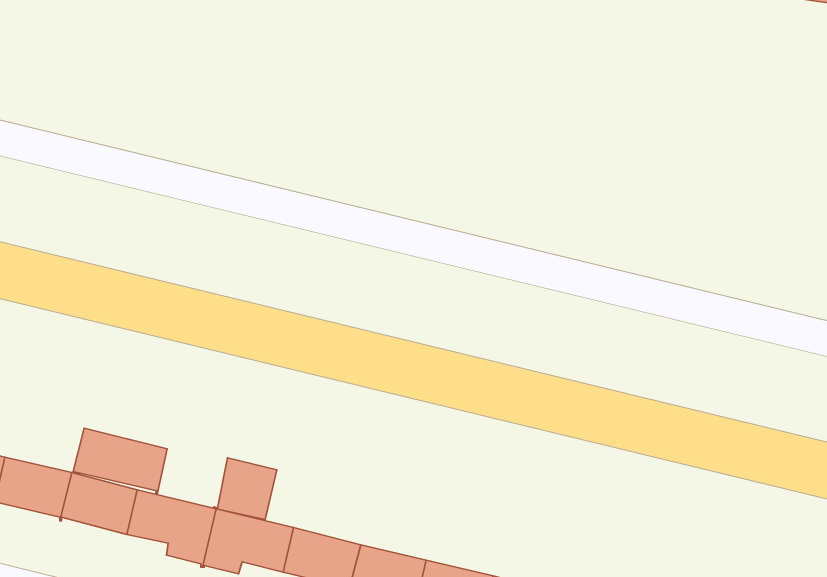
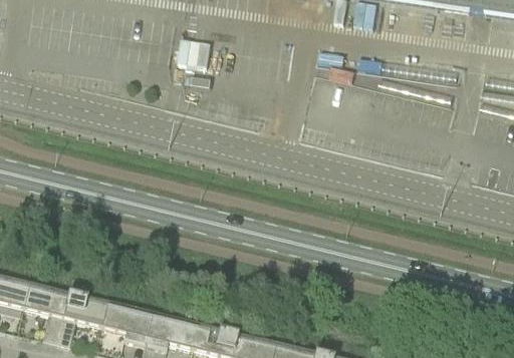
building: [73,428,167,495] -> none
building: [213,458,277,519] -> none

